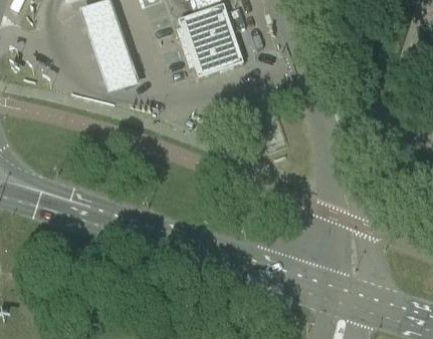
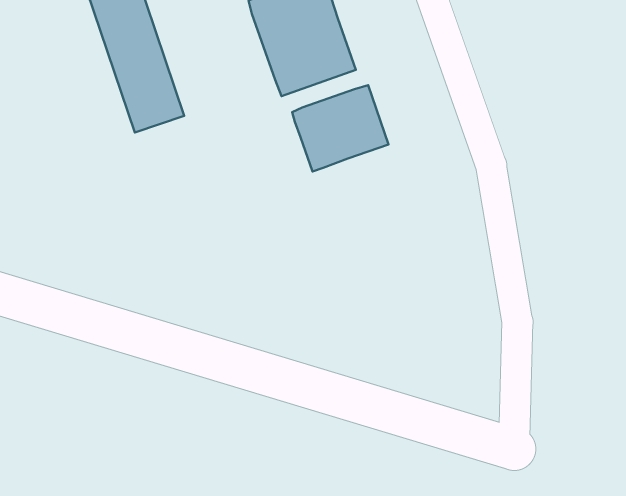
building: none -> [292,85,389,171]

